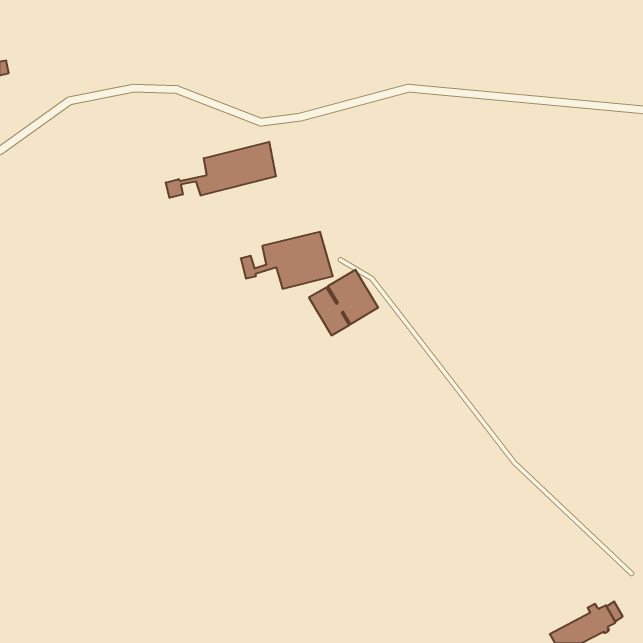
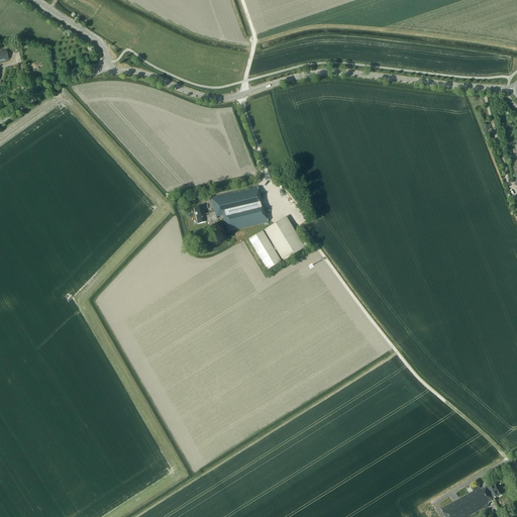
building: [166,142,276,198] -> none

